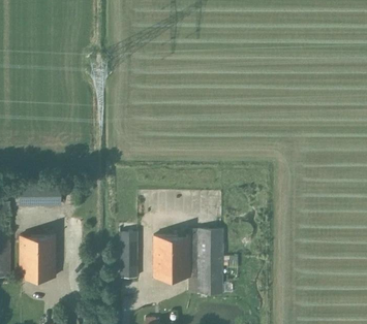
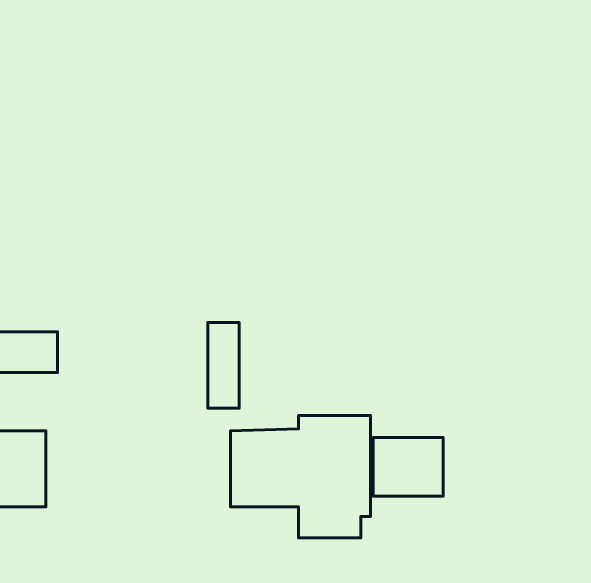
building: [120,233,136,279] -> [208,323,239,408]
building: none -> [373,437,443,496]

